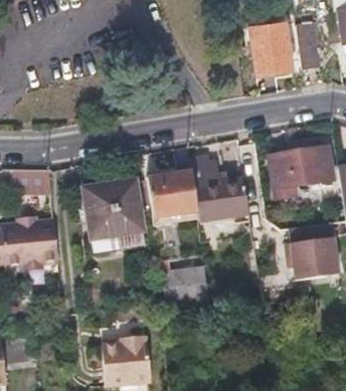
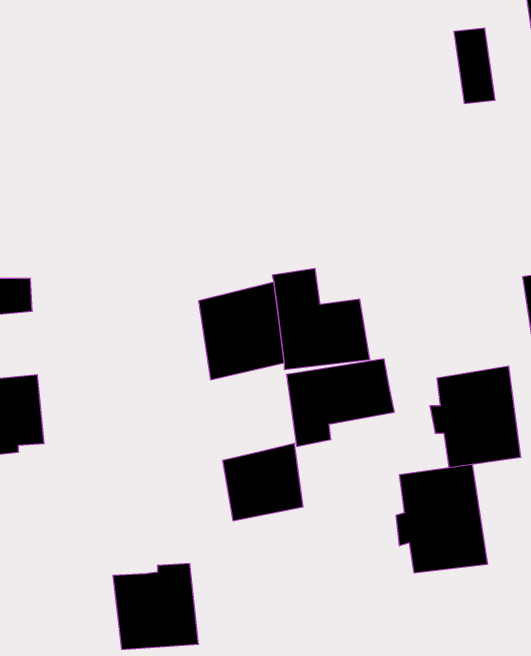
building: [252,19,294,70] -> none
building: [270,147,333,198] -> [286,359,394,446]
building: [82,185,137,250] -> none
building: none -> [396,464,488,573]

